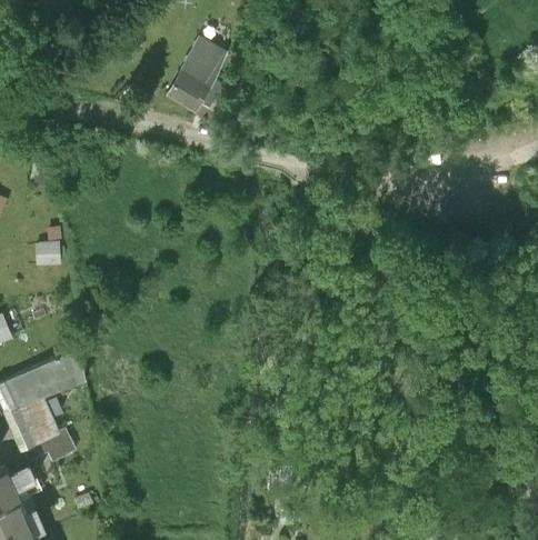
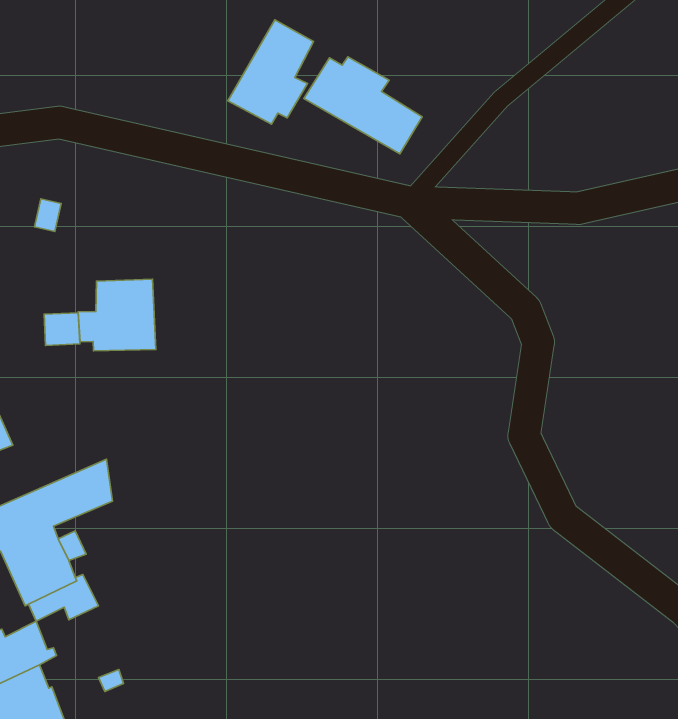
building: none -> [304,57,422,154]
building: none -> [78,279,156,351]

